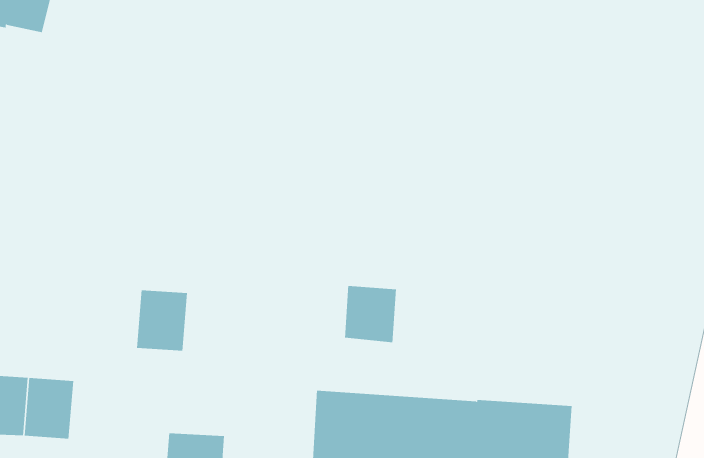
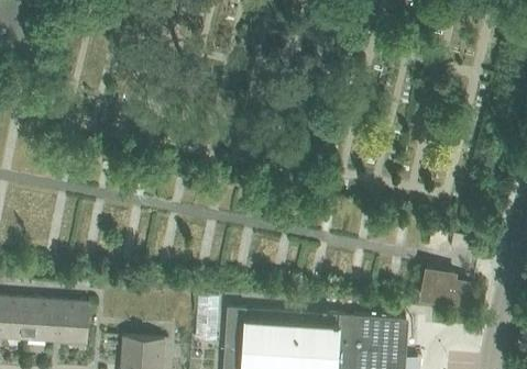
building: [345,285,397,343] -> none
building: [136,290,188,351] -> [56,301,92,344]
building: none -> [425,265,472,302]

